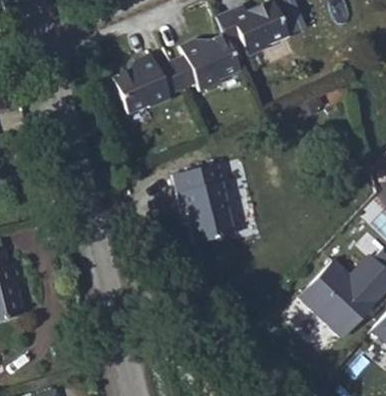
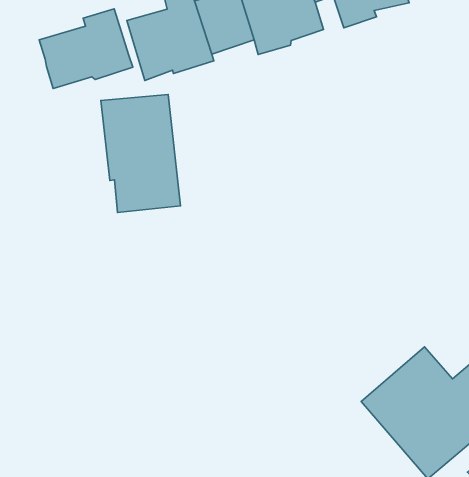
building: none -> [39,9,133,88]
building: [182,159,244,241] -> [101,94,180,213]

